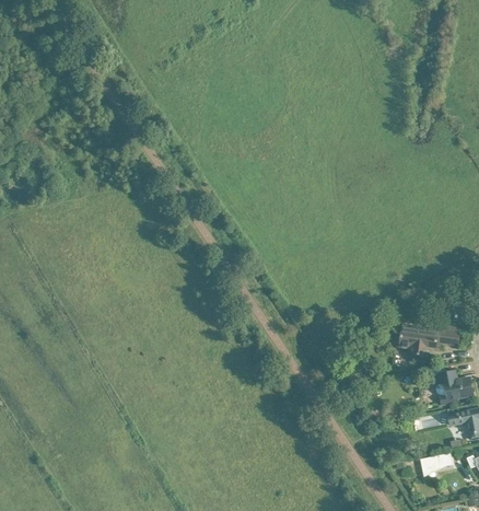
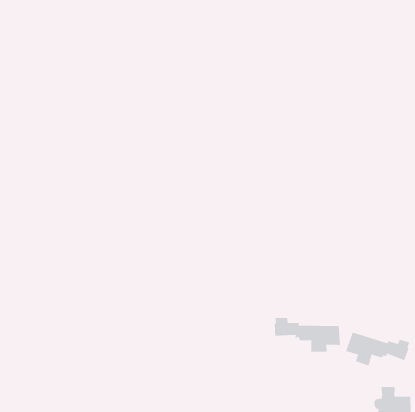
building: none -> [274,317,341,352]

